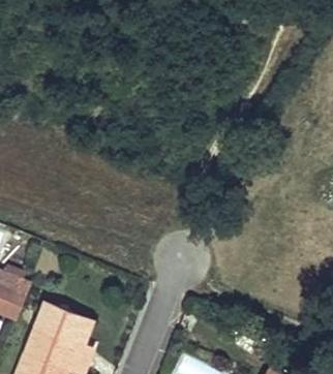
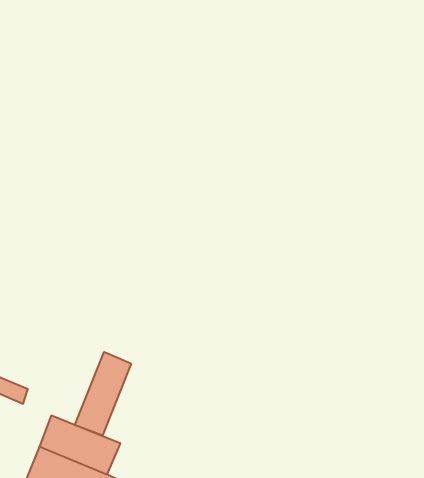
building: none -> [75,352,131,436]

